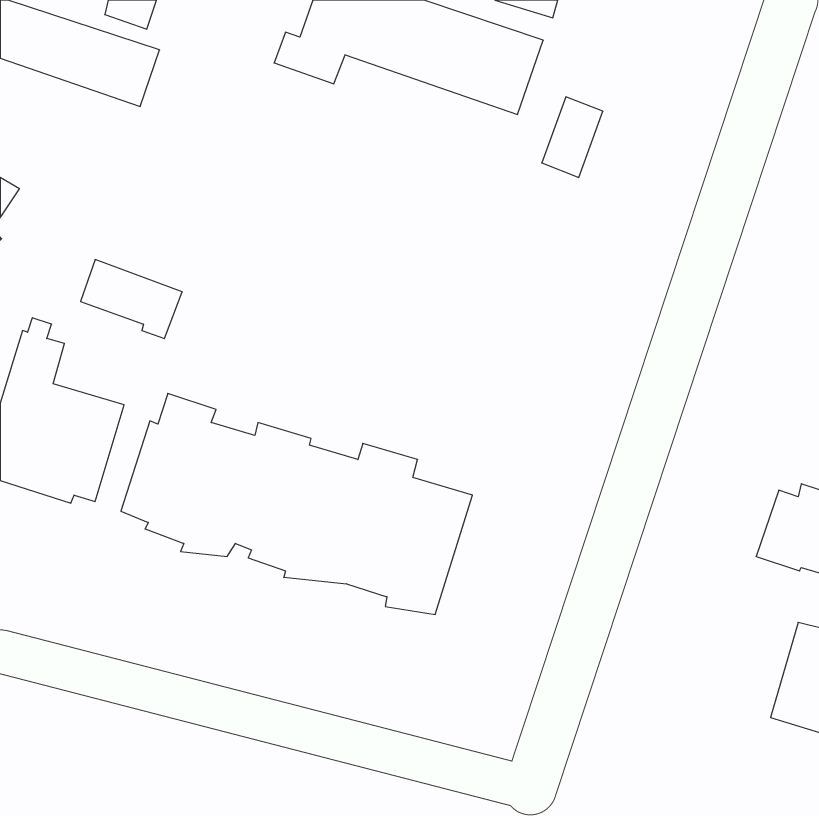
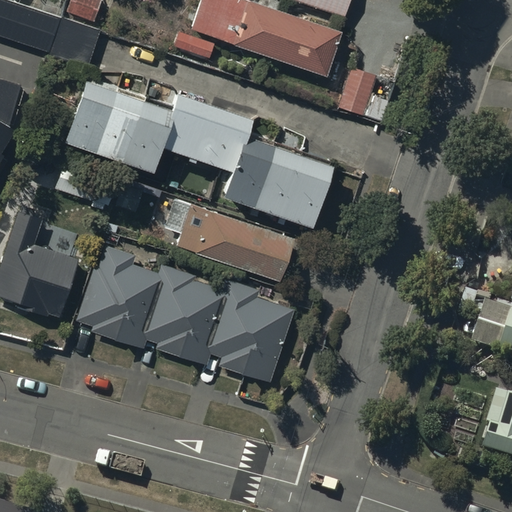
building: none -> [64,79,330,226]
building: none -> [169,196,295,281]

